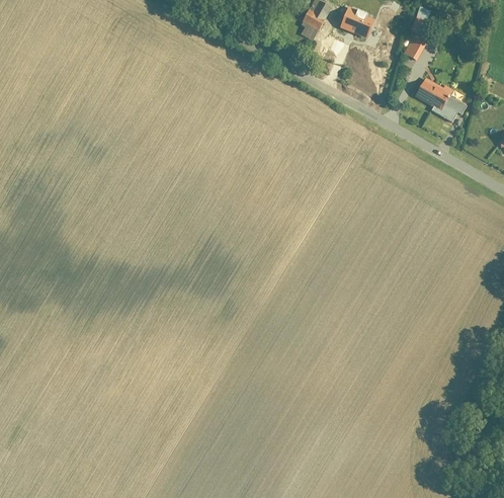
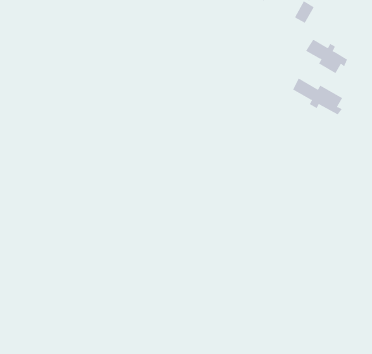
building: none -> [292,78,343,115]

